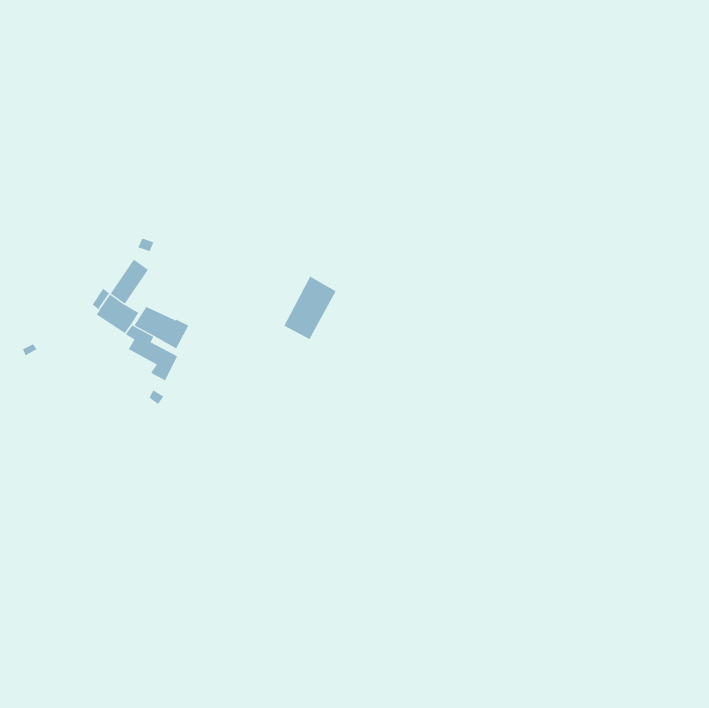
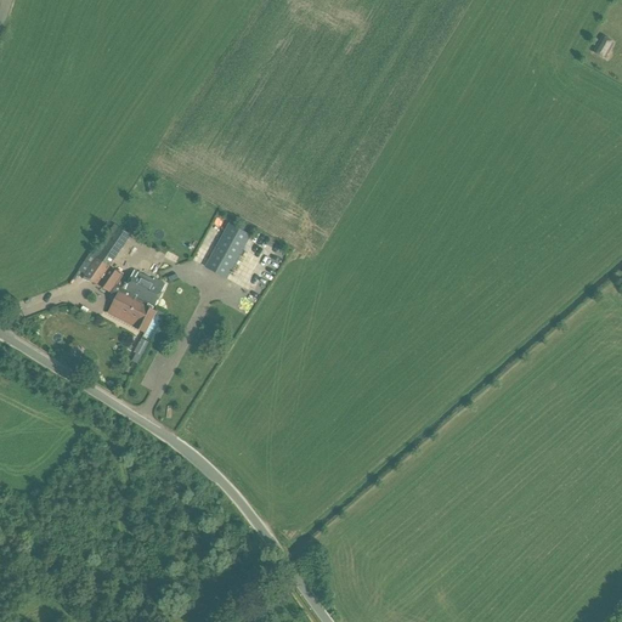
building: [284,276,336,340] -> [204,222,250,278]

